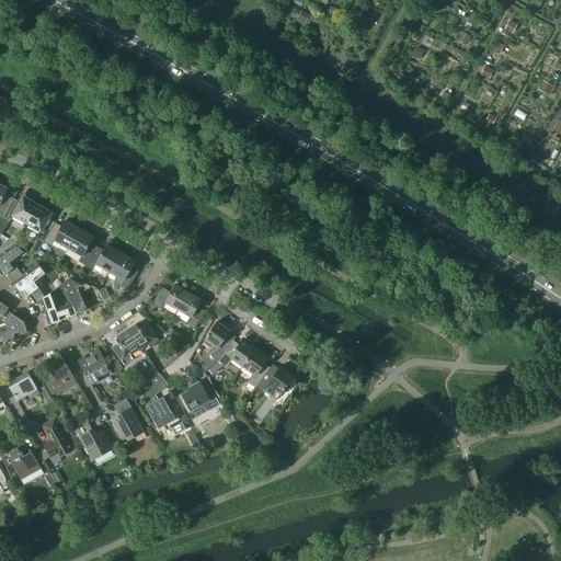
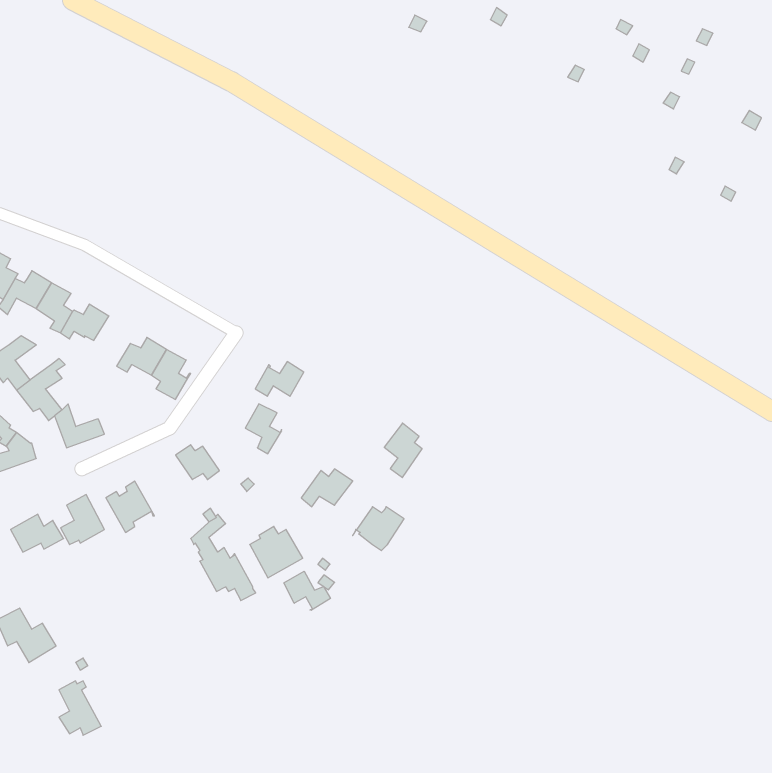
building: [68,229,94,265] -> none
building: [61,276,90,314] -> none
building: [152,285,187,310] -> [255,362,304,396]
building: [204,321,236,360] -> none
building: [112,330,139,365] -> none
building: [242,348,270,388] -> [384,423,422,478]
building: [113,399,144,443] -> none
building: none -> [284,571,330,610]
building: [42,419,72,458] -> [59,681,101,735]
building: [73,421,112,460] -> none

